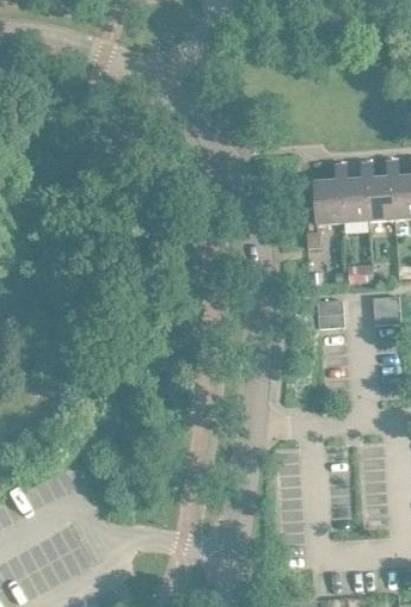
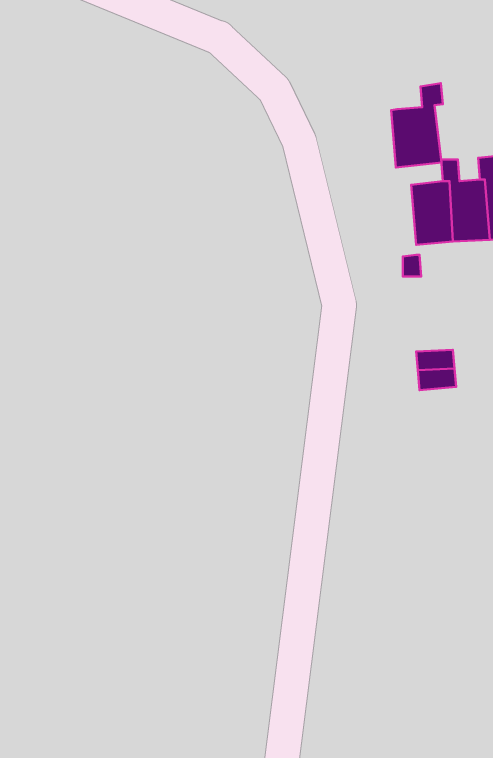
building: none -> [391,83,443,168]

